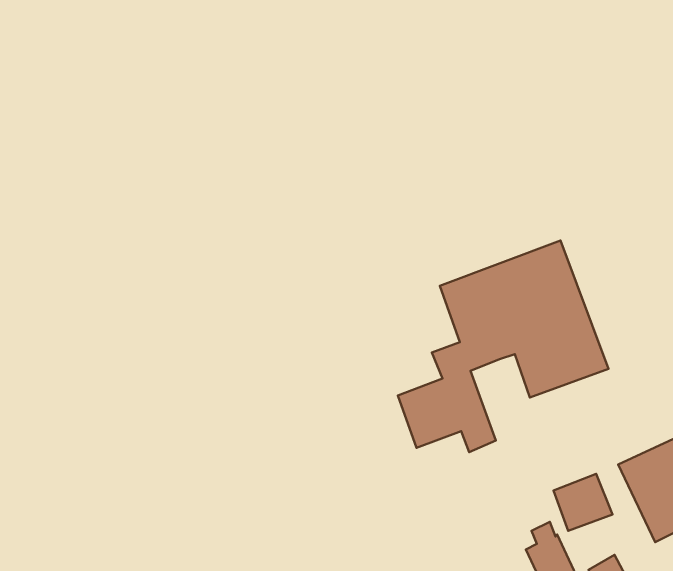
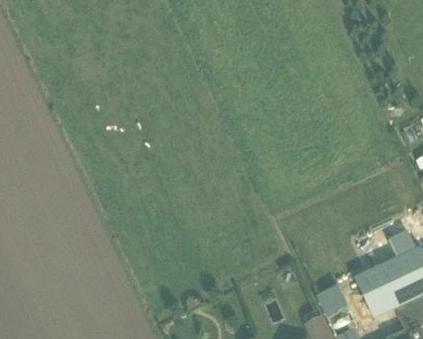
building: [398,240,609,452] -> none

